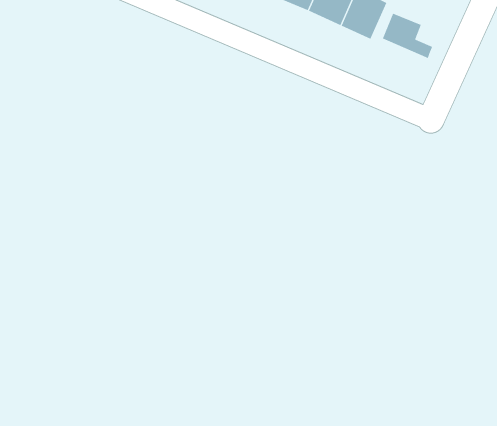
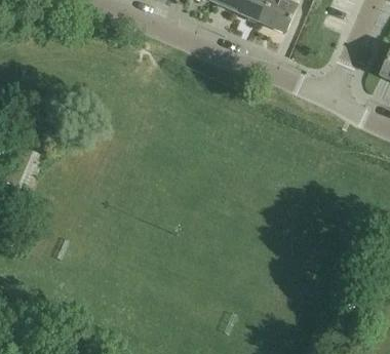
building: [382,13,433,59] -> none

